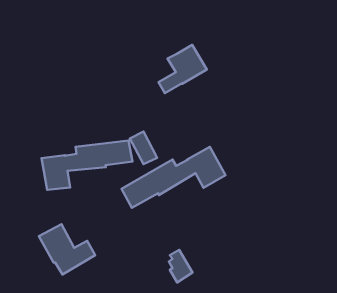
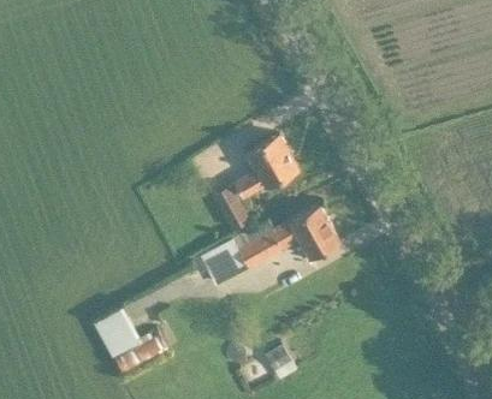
building: [159,45,207,93] -> [233,136,297,200]
building: [42,140,133,190] -> none

